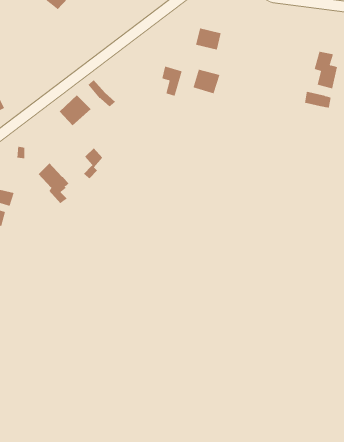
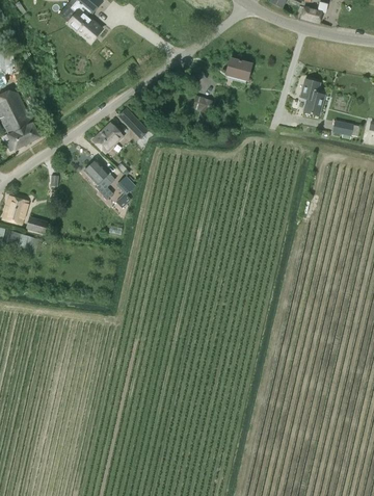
building: [314,51,338,89] -> [300,79,324,116]
building: [193,69,220,94] -> none
building: [38,162,70,204] -> [84,159,115,200]

